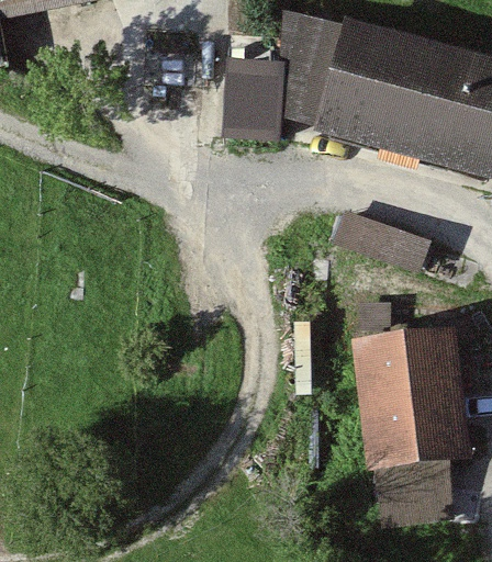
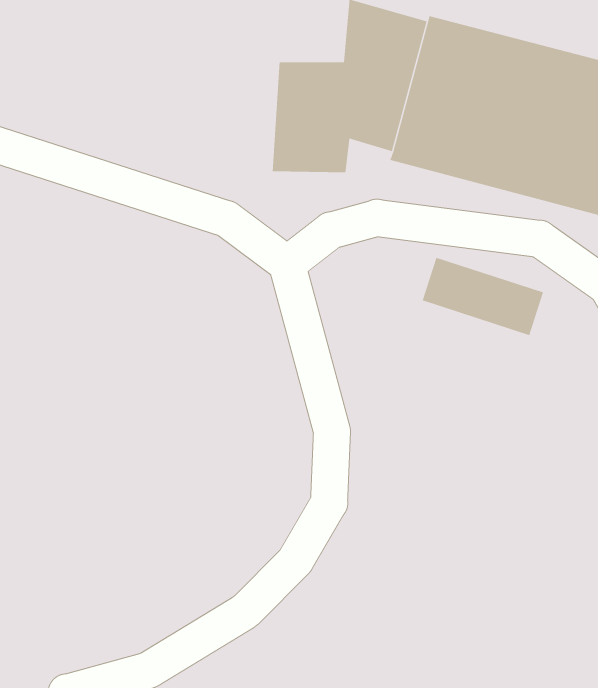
building: [351,329,472,520] -> none

